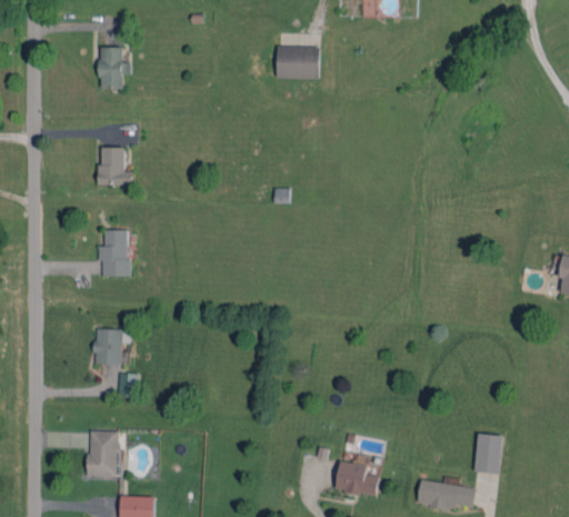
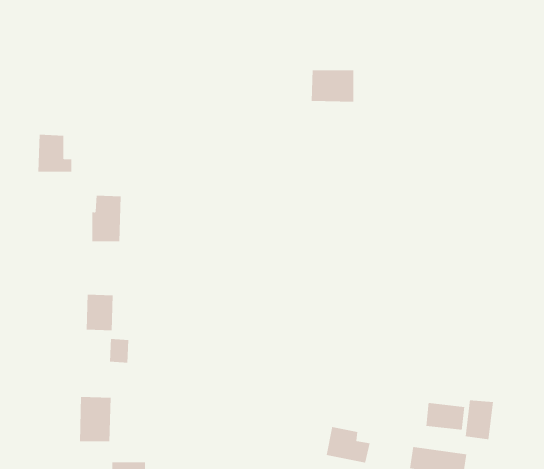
building: [99,47,131,89] -> none
building: [276,47,319,79] -> [311,70,354,102]
building: [99,147,133,185] -> [38,134,72,172]
building: none -> [426,402,465,431]

